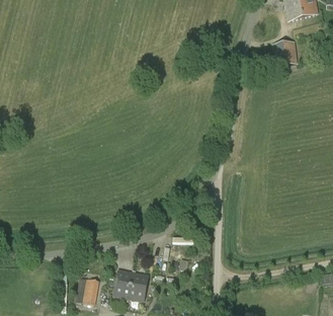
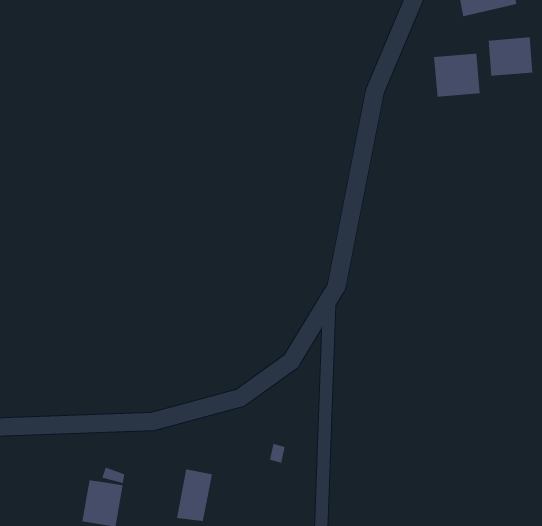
building: none -> [488,37,533,77]
building: [113,268,134,299] -> none

